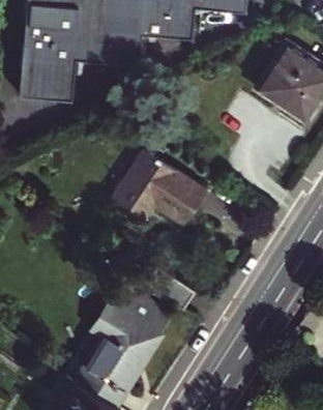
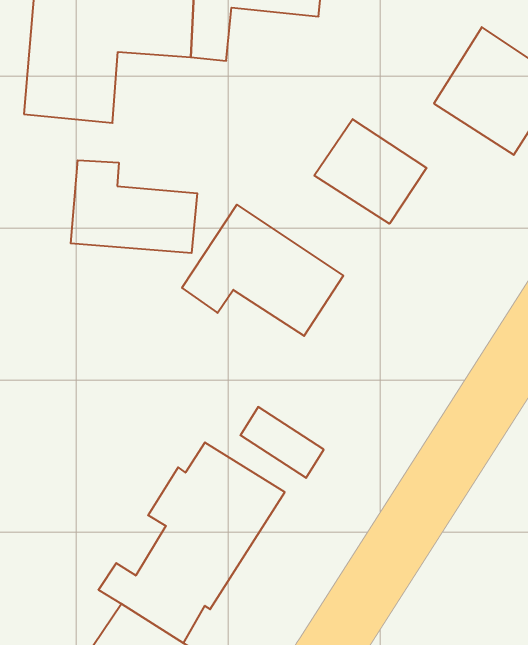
building: none -> [314,119,426,224]
building: none -> [71,160,197,253]

